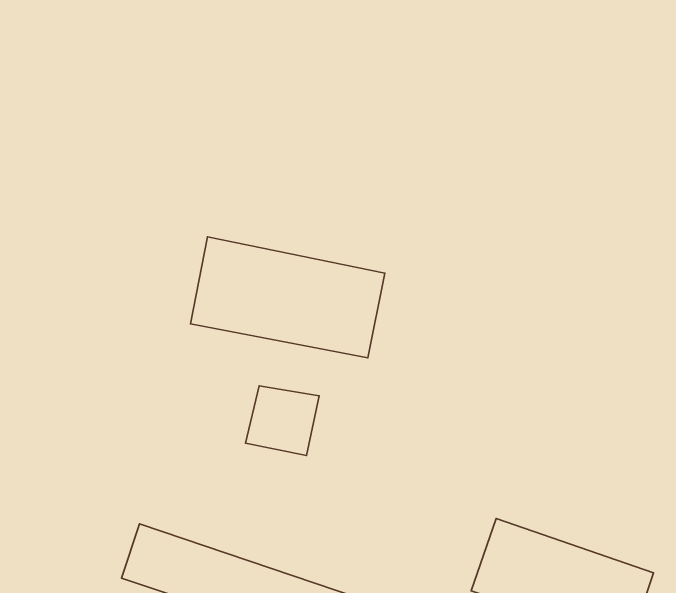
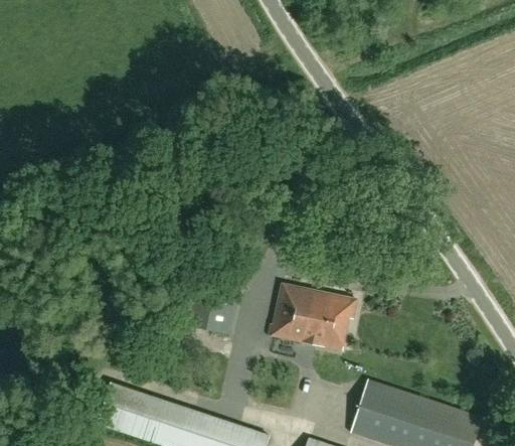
building: [191,237,385,358] -> none
building: none -> [270,285,356,348]

